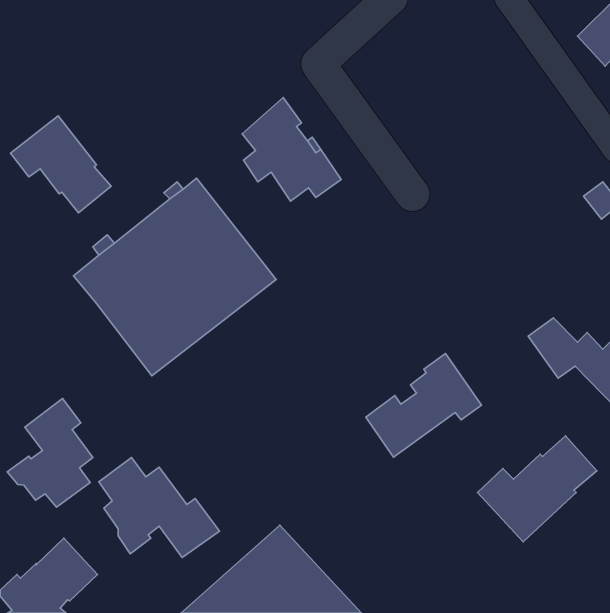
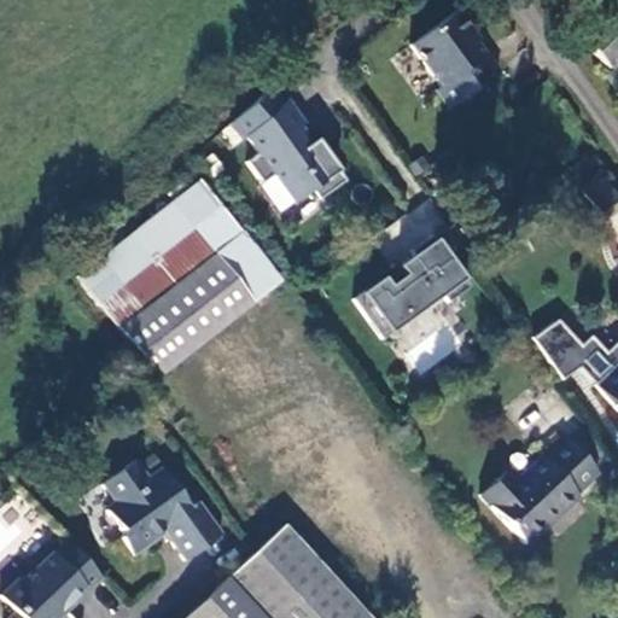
building: none -> [413,8,503,107]
building: [11,116,111,213] -> none
building: [366,353,482,457] -> [356,234,472,338]
building: [7,398,93,507] -> none

